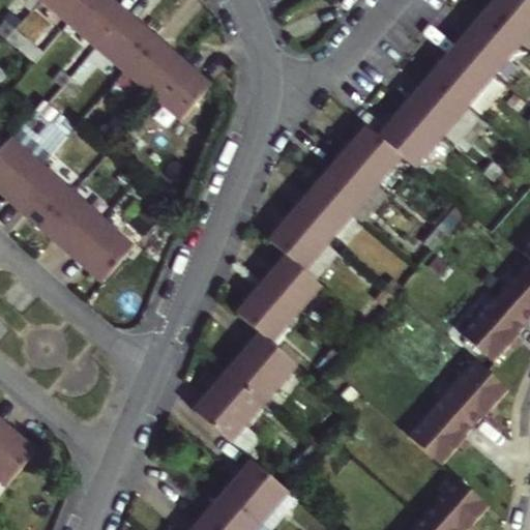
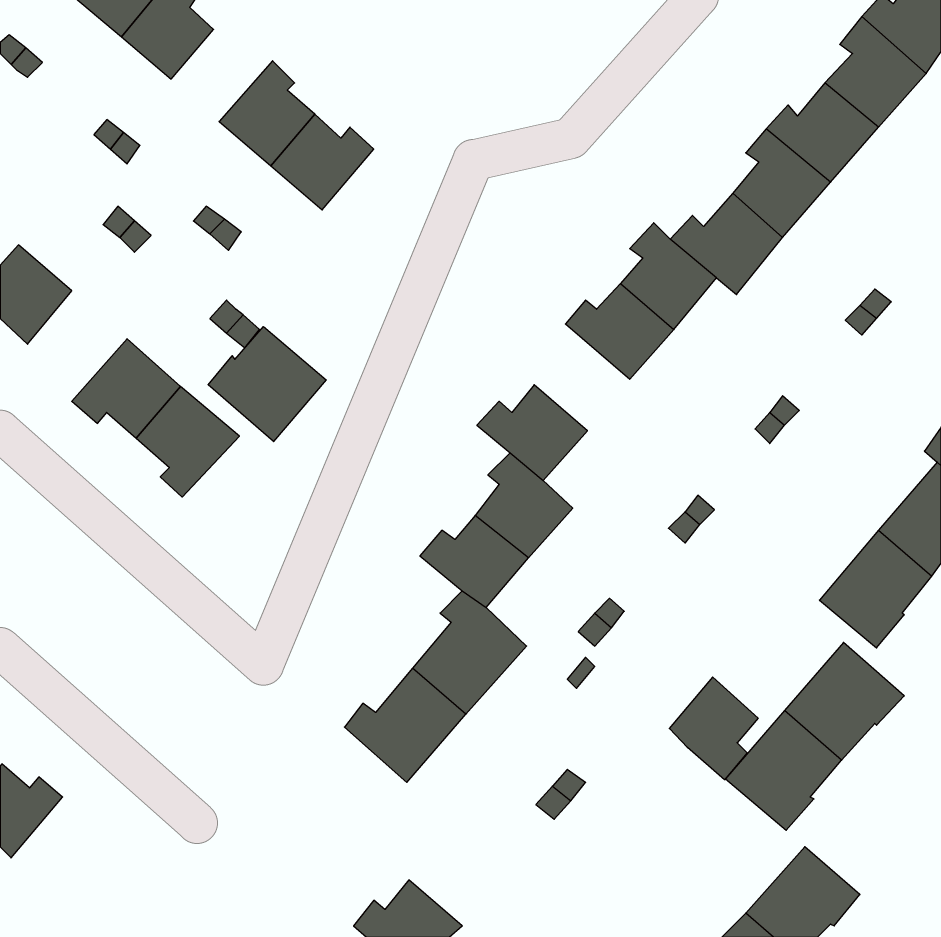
building: [96,17,153,68] -> none
building: [16,164,71,226] -> none
building: [300,182,354,242] -> none
building: none -> [208,327,326,442]
building: none -> [669,677,758,780]
building: [230,459,287,521] -> none

